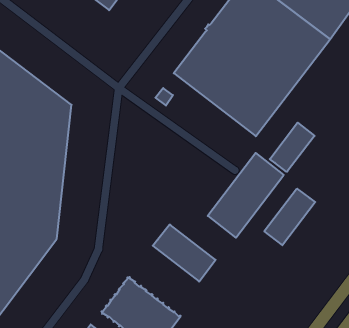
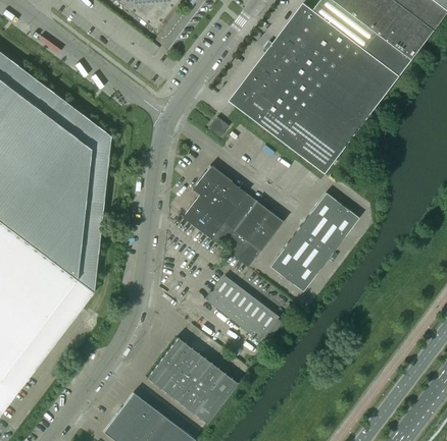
building: [270,123,315,172] -> none
building: none -> [181,166,283,268]
building: [264,189,315,245] -> none

